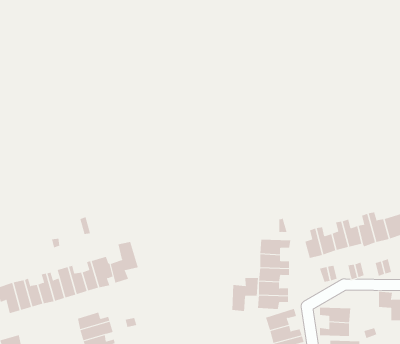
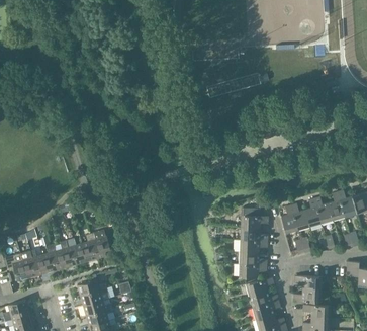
building: [110,241,138,283] -> none
building: [232,277,259,312] -> none

